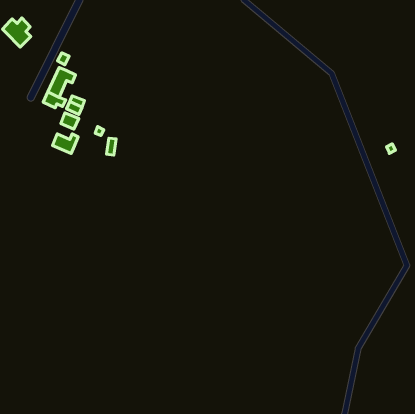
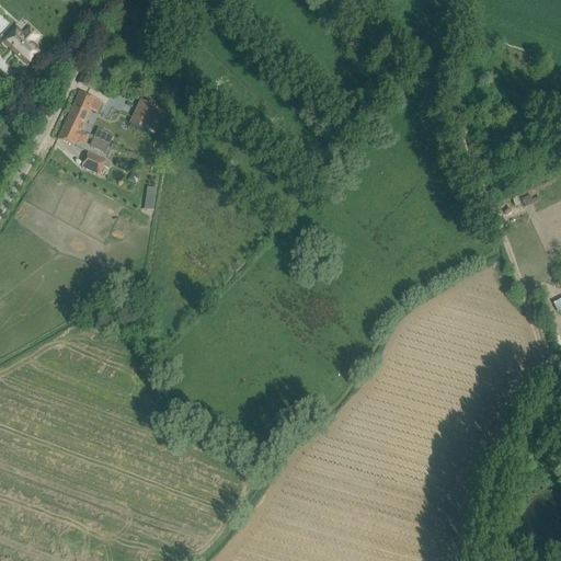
building: none -> [129,96,165,135]
building: [53,134,78,153] -> none

